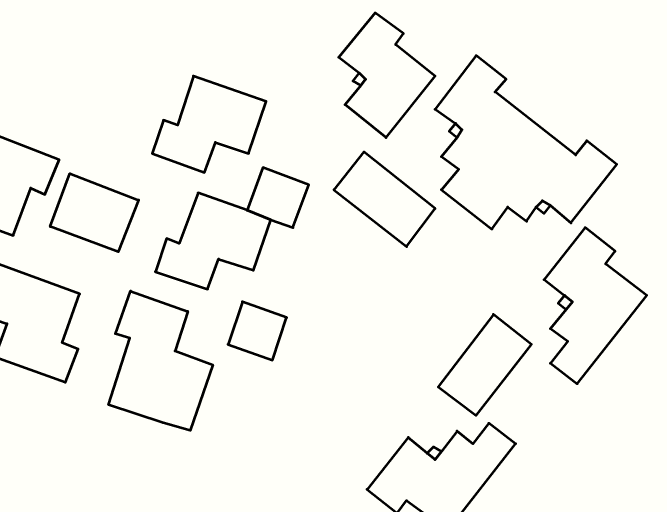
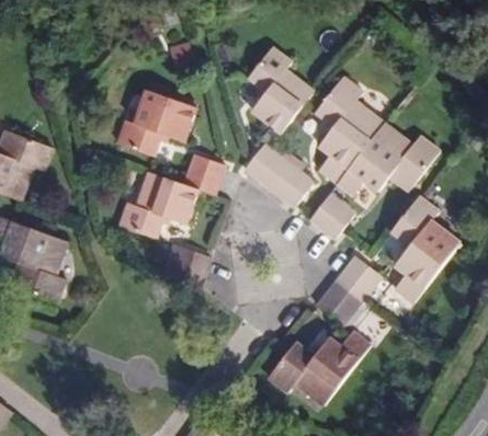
building: [50,174,139,252] -> none
building: none -> [308,194,354,239]
building: [109,291,213,430] -> none

